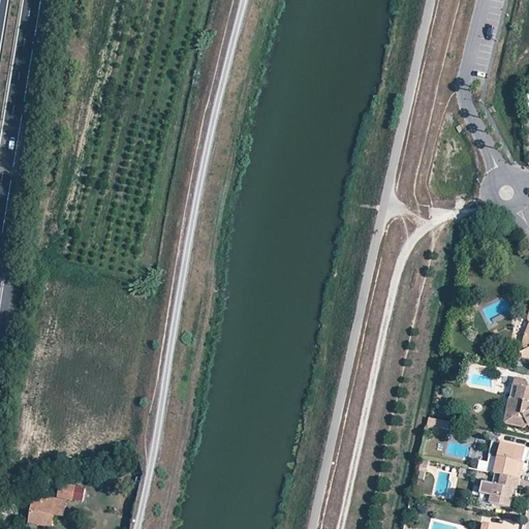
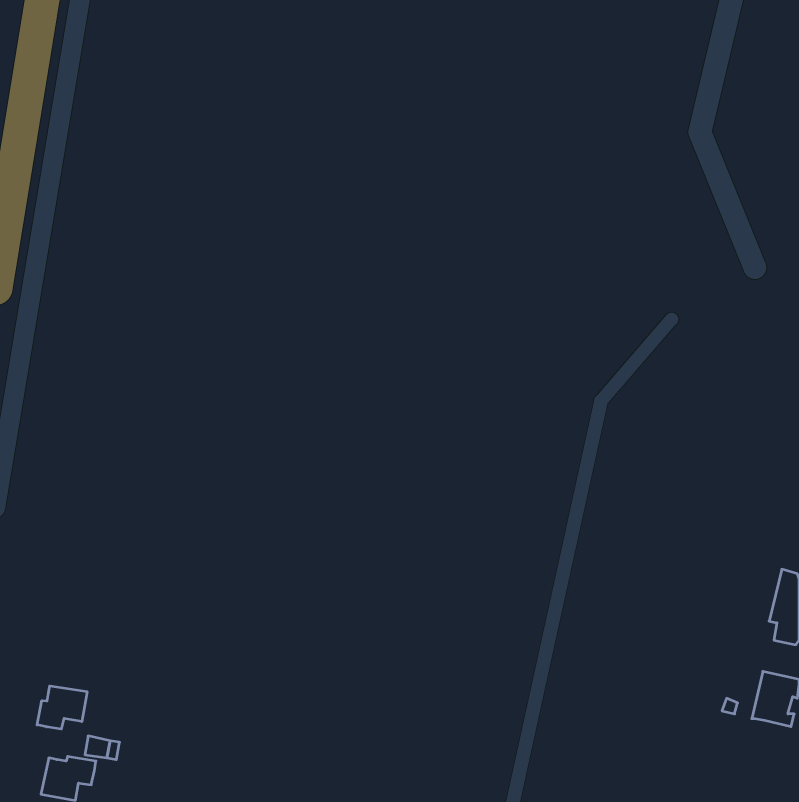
building: none -> [37,686,87,729]
building: [490,473,520,507] -> none

